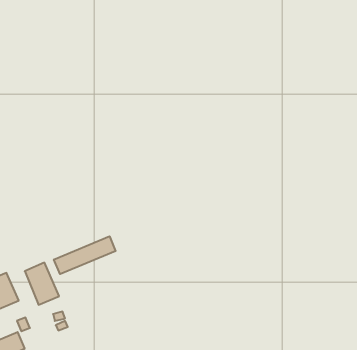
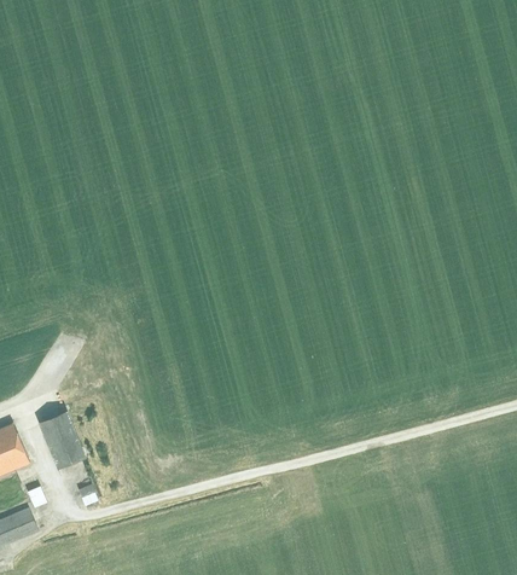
building: [54,236,116,274] -> none

